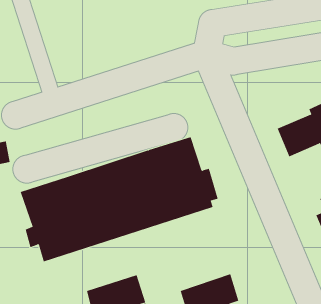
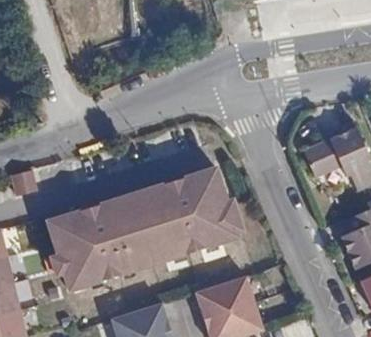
building: none -> [196,275,255,317]

